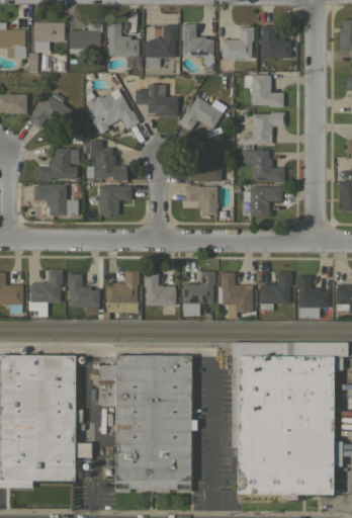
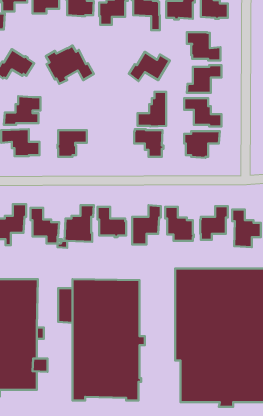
building: [136,84,178,116] -> none
building: [84,141,127,181] -> none

